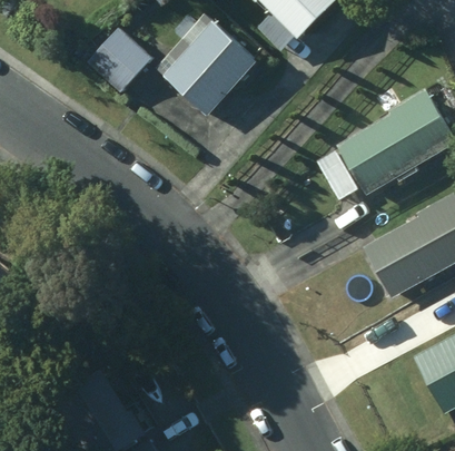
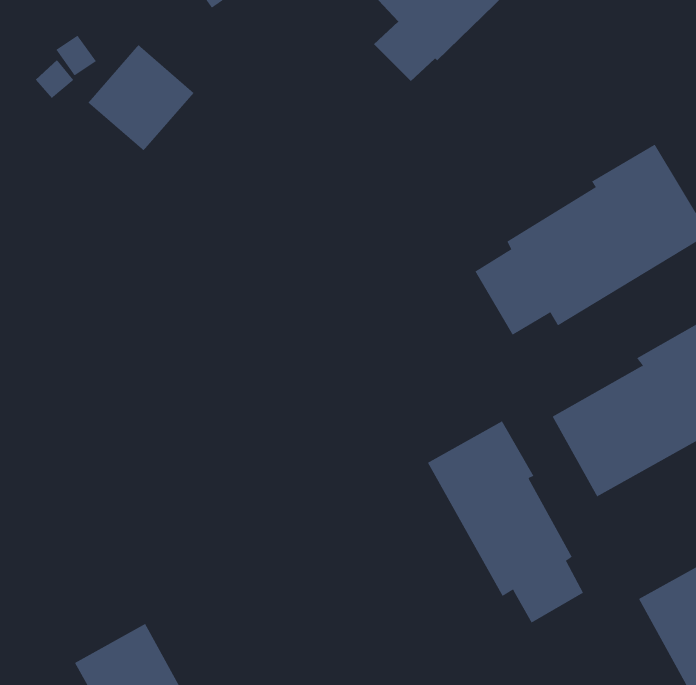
building: [156,14,254,112] -> none
building: none -> [427,420,584,624]

